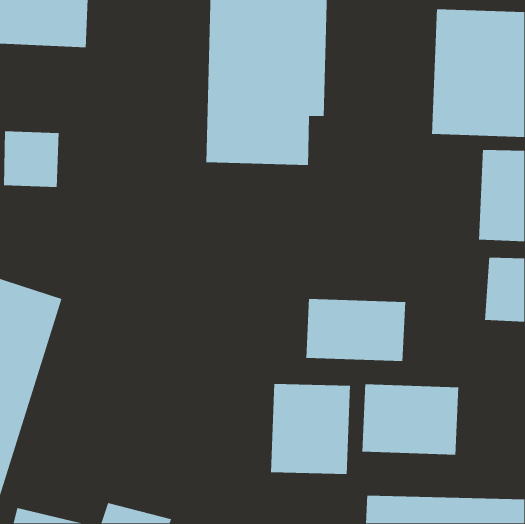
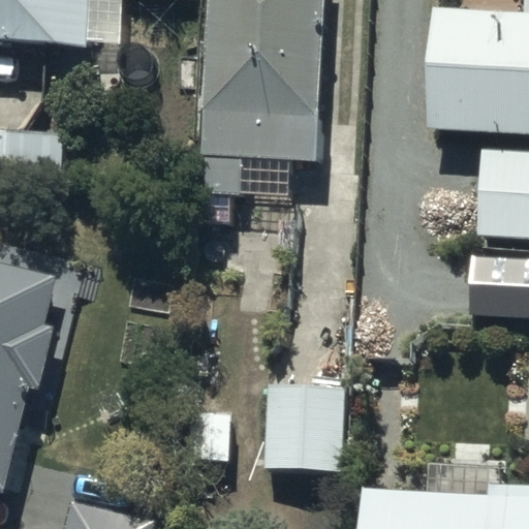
building: [305,298,406,362] -> none
building: [361,383,459,455] -> none

